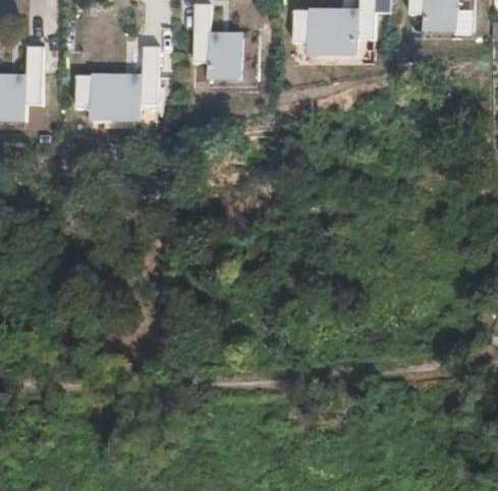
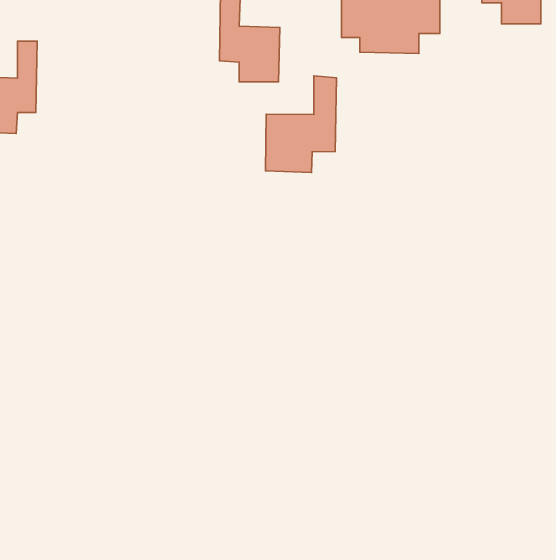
building: [77,45,159,120] -> none
building: none -> [266,76,337,172]

